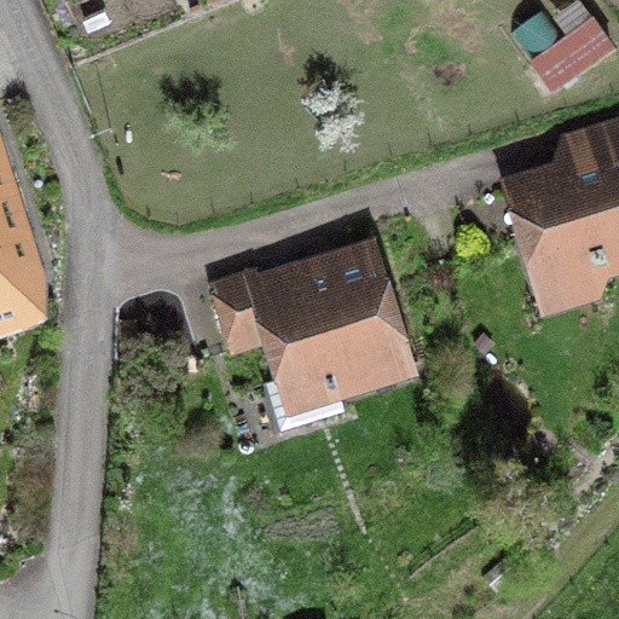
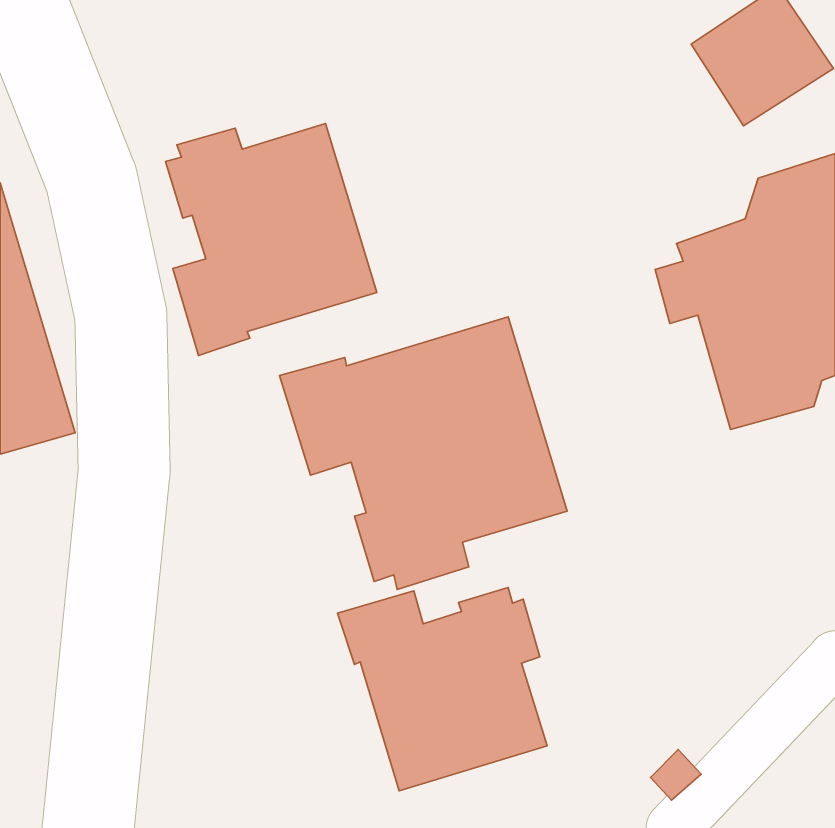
building: none -> [166,123,377,355]
building: none -> [338,587,547,791]

